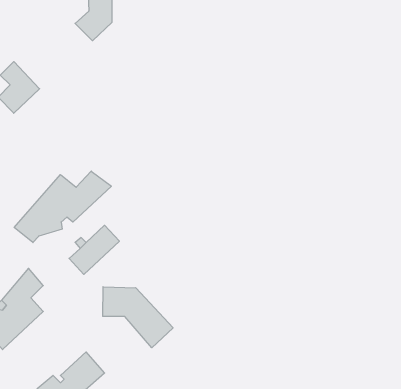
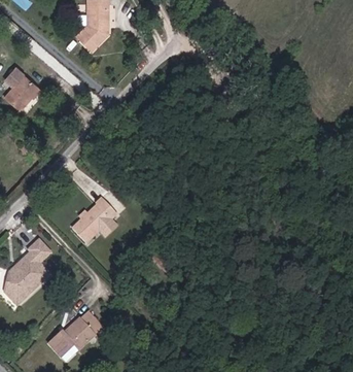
building: [14,171,111,243] -> none
building: [103,287,173,348] -> none

